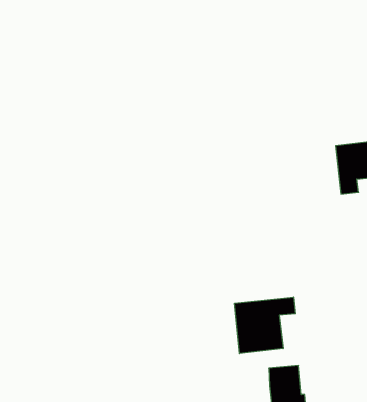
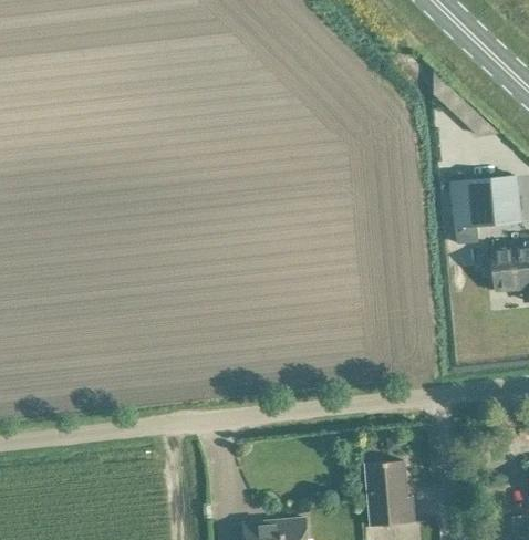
building: [235,297,295,354] -> none

